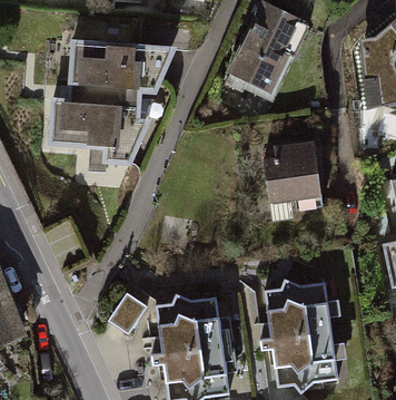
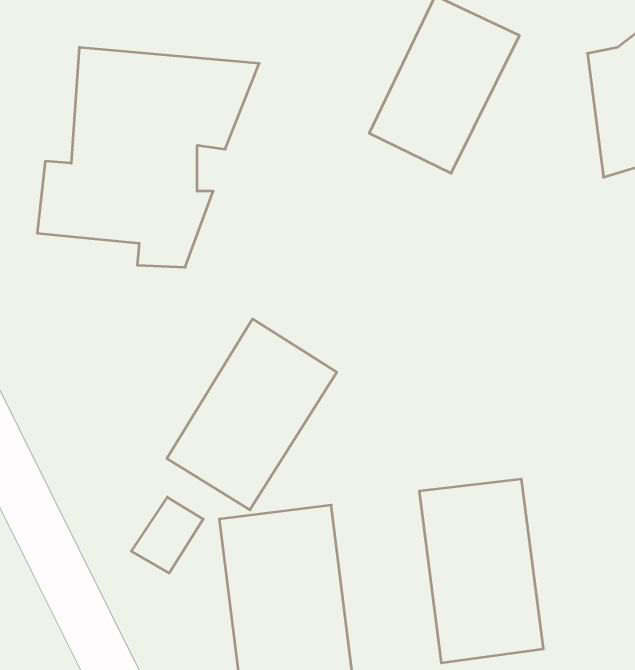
building: [265,150,319,213] -> none
building: none -> [167,319,337,510]

